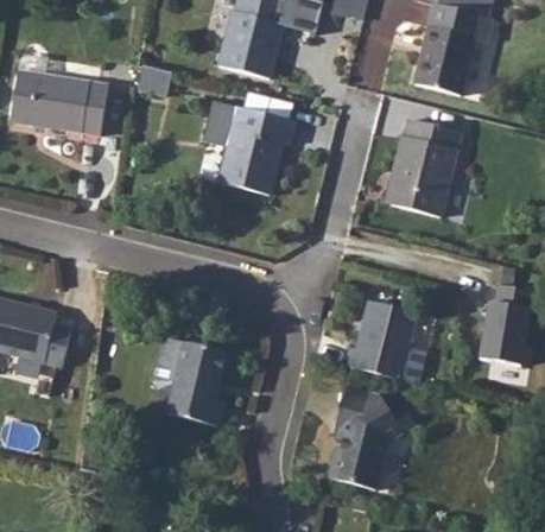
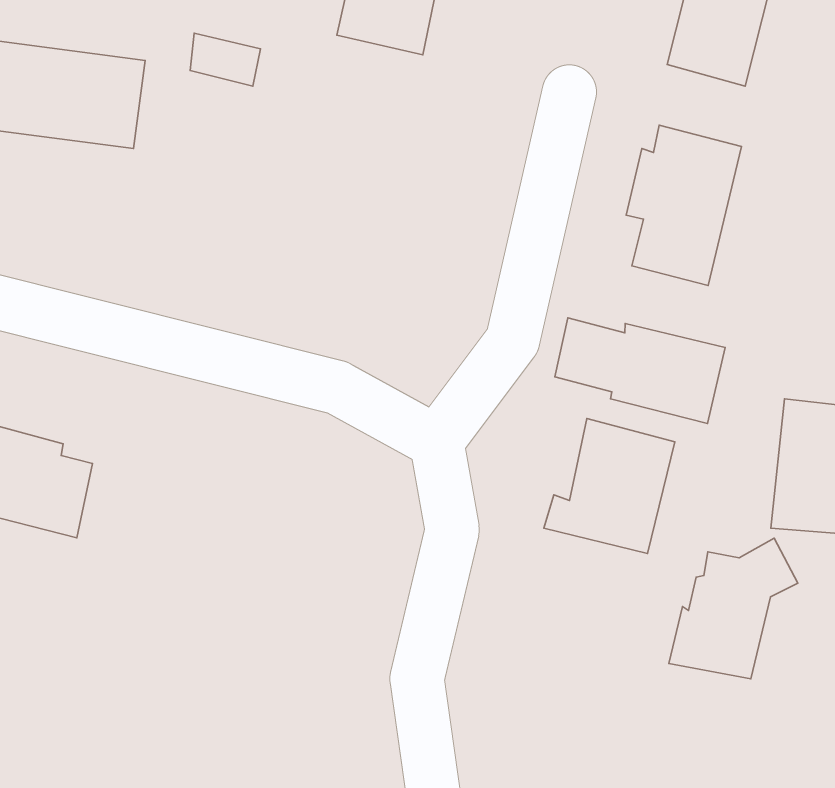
building: [215,103,294,194] -> none
building: none -> [555,318,725,424]
building: [165,341,223,428] -> none
building: [328,403,406,488] -> [669,538,798,679]

